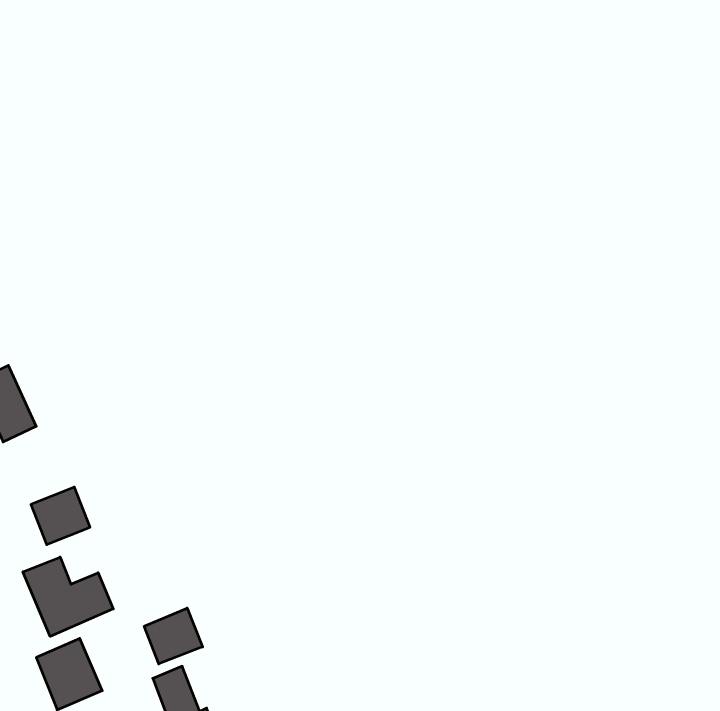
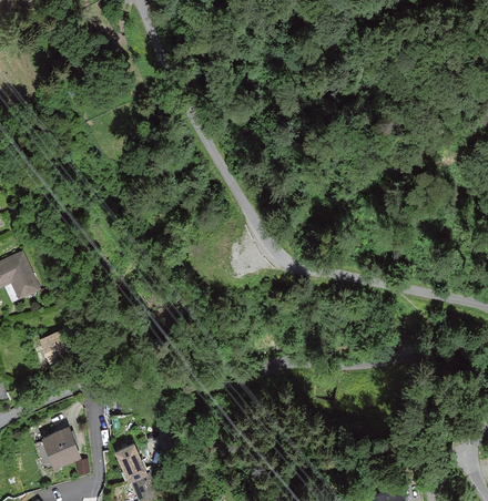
building: [23,557,113,636] -> none
building: [144,608,203,664] -> none

